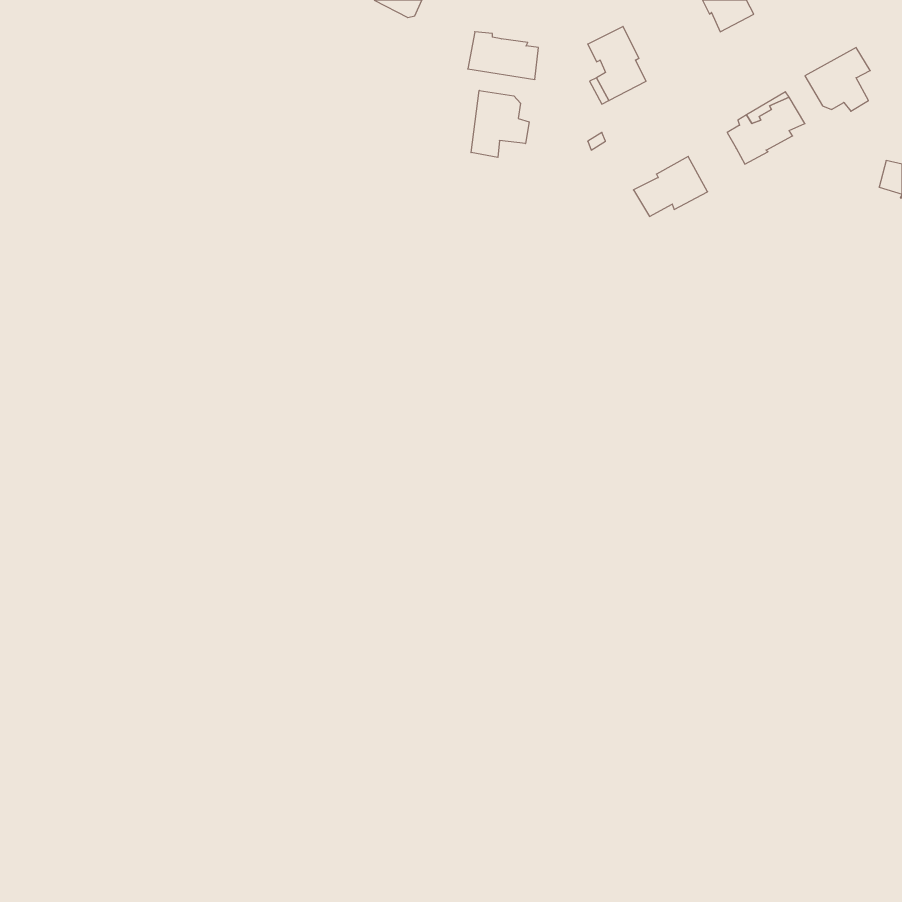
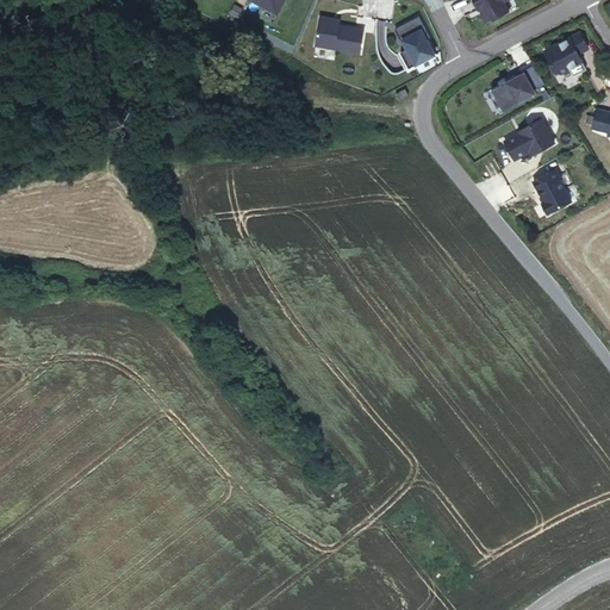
building: [471,90,529,157] -> none
building: [633,156,708,216] -> [502,119,552,160]
building: none -> [531,170,569,216]

